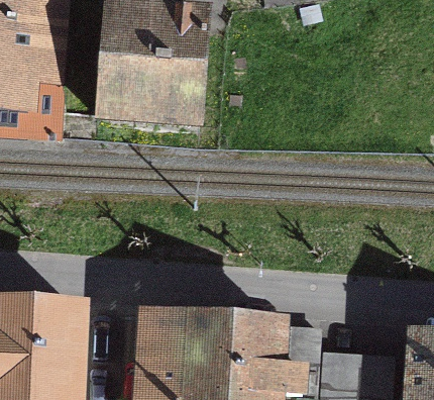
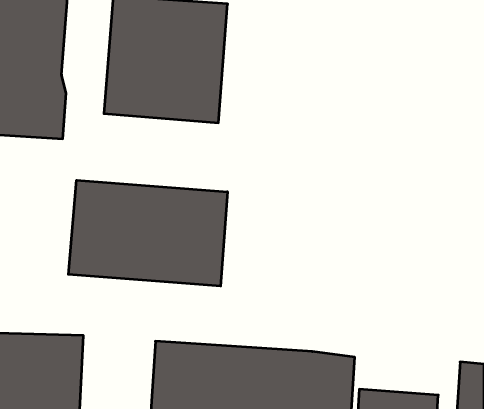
building: none -> [68,180,227,286]

